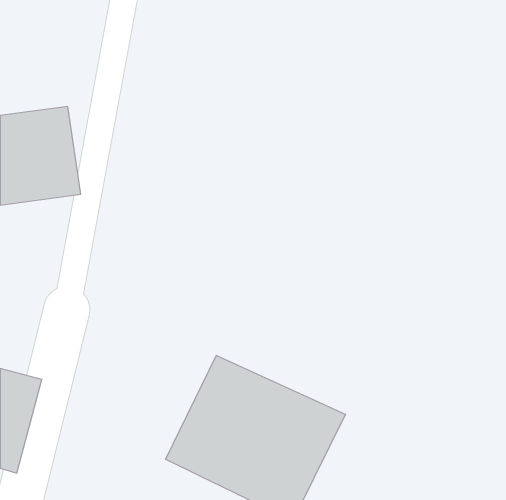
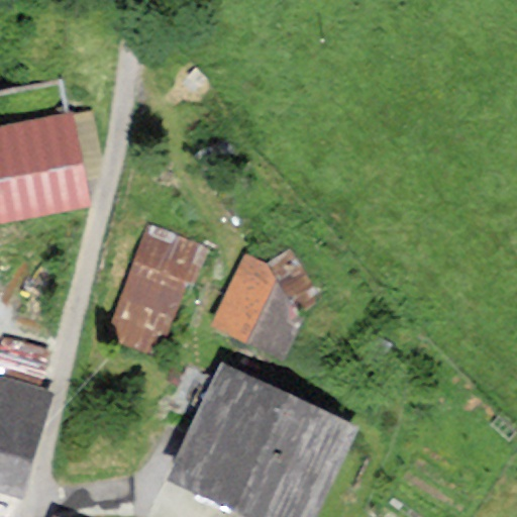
building: none -> [108,225,189,353]
building: none -> [216,252,309,351]

